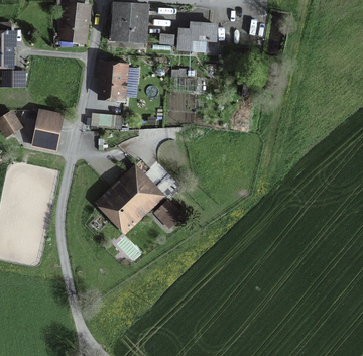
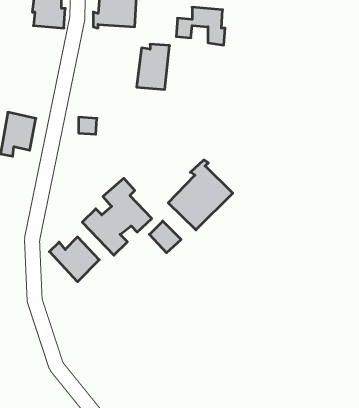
building: [101,62,128,99] -> [137,44,170,89]
building: none -> [168,160,233,230]
building: none -> [49,237,99,282]

